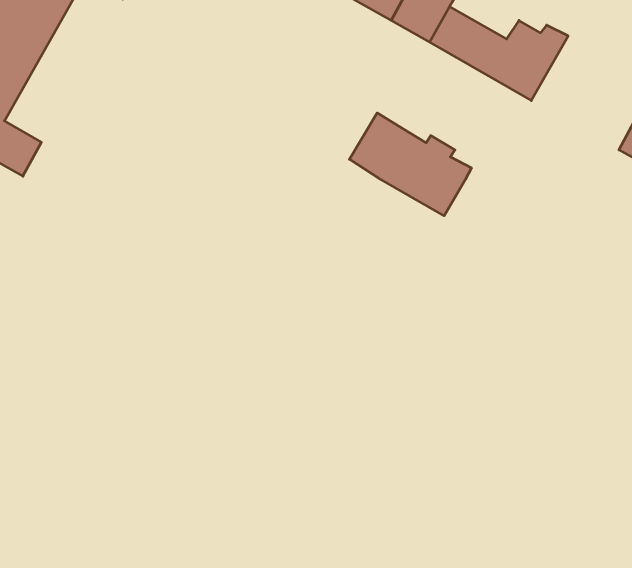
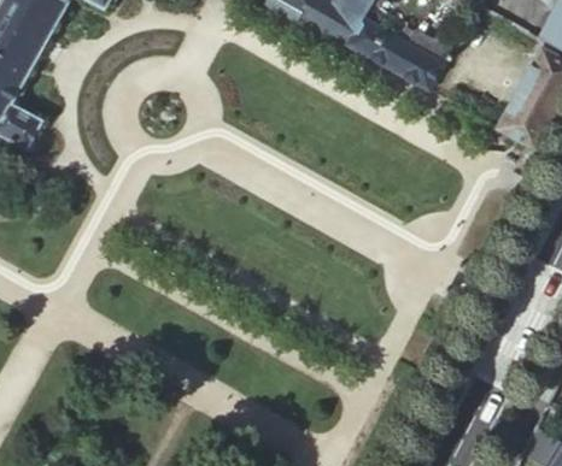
building: [349,113,471,216] -> none

